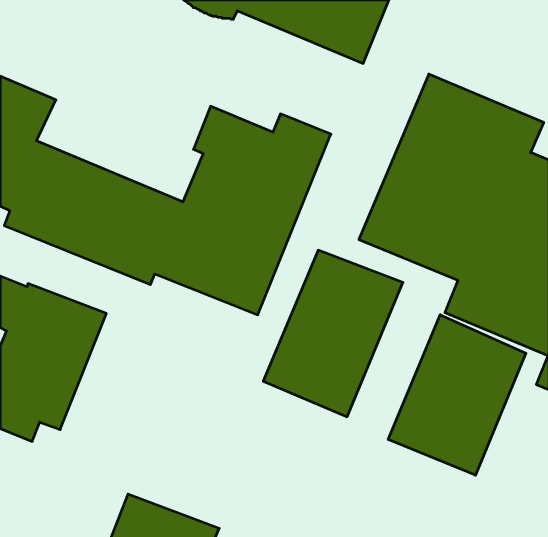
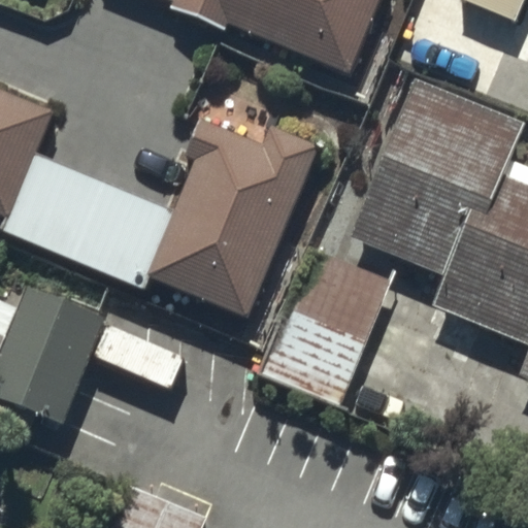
building: [388,315,526,475] -> none

